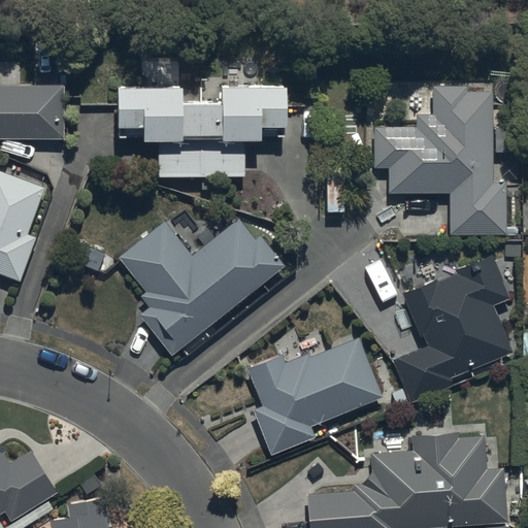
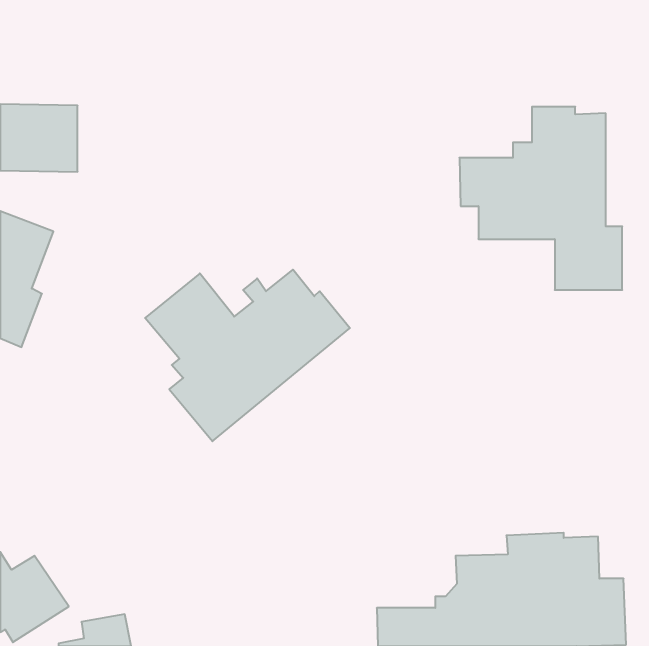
building: [116,85,285,177] -> none
building: [394,254,512,396] -> none
building: [246,335,384,456] -> none

